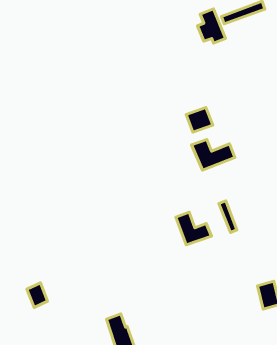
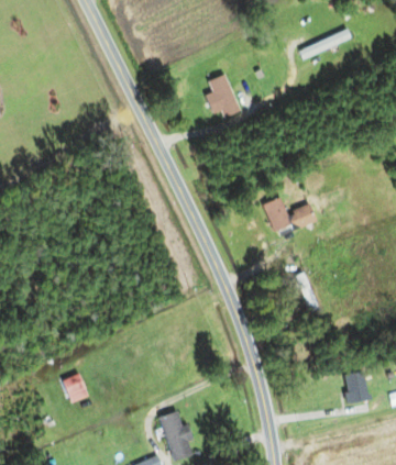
building: [197,9,225,43] -> [205,74,239,115]
building: [186,108,213,132] -> none
building: [176,212,211,245] -> none

